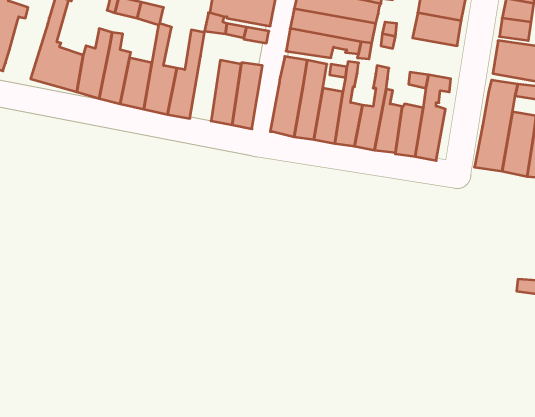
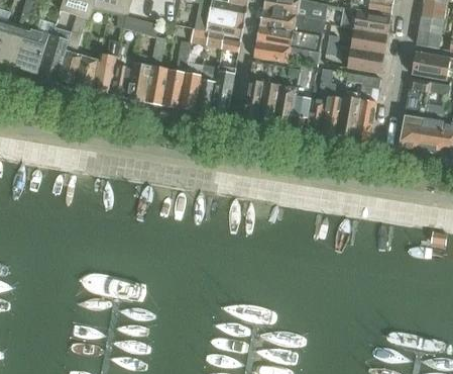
building: none -> [39,25,72,78]
building: none -> [347,46,384,73]
building: none -> [180,61,203,110]

